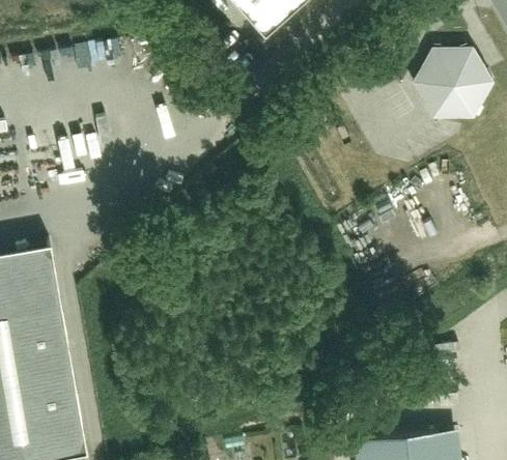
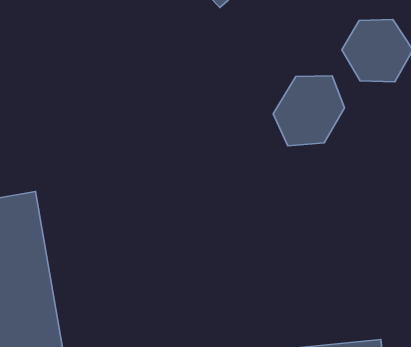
building: none -> [273,76,345,146]

